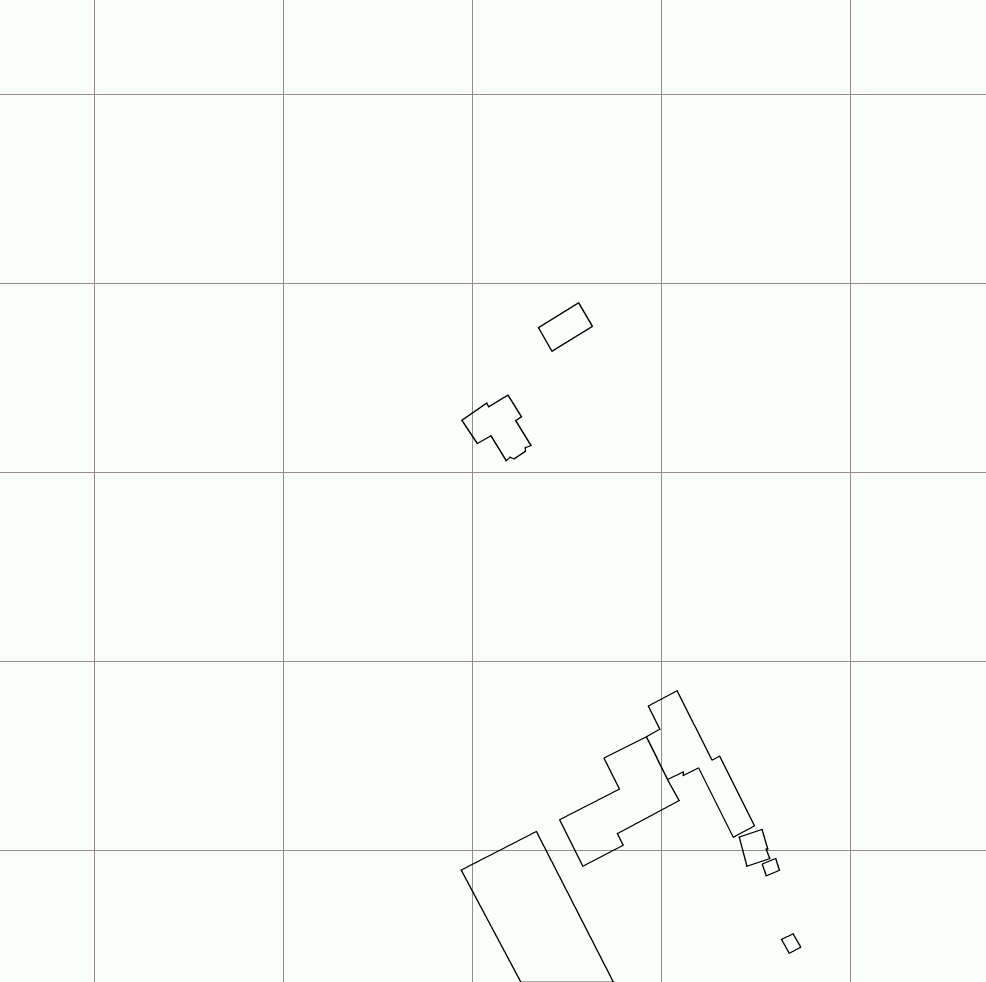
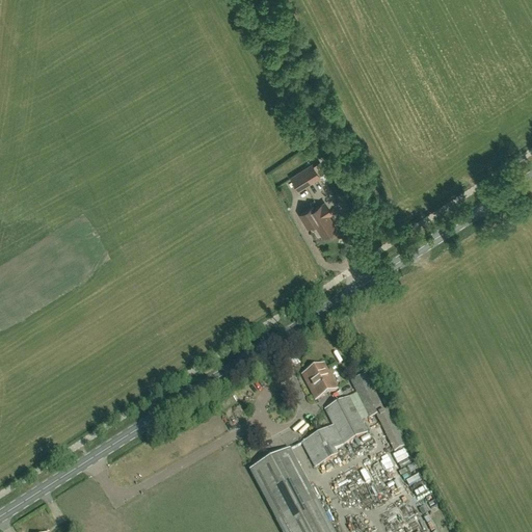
building: [462,395,531,461] -> [298,201,336,236]
building: none -> [301,363,336,399]

